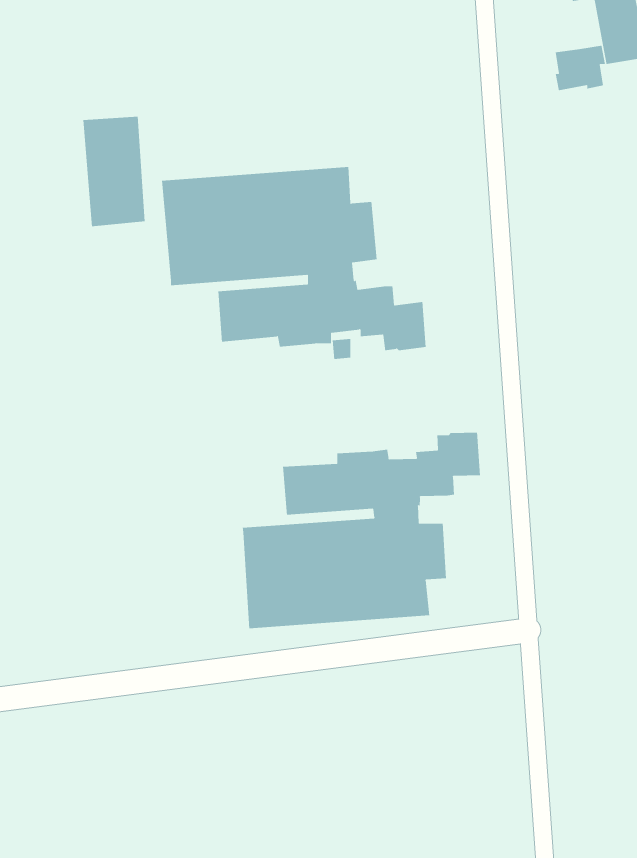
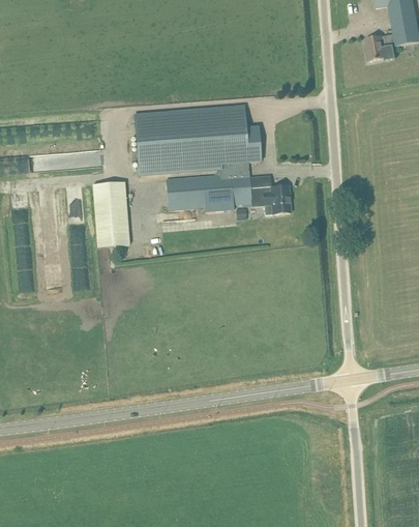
building: [82,116,146,227] -> [92,181,129,246]
building: [242,432,481,629] -> none

